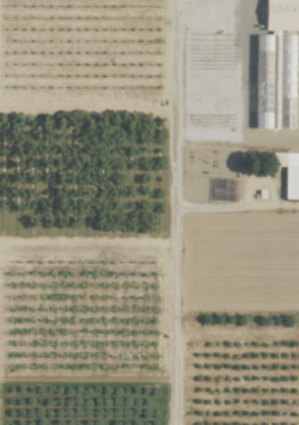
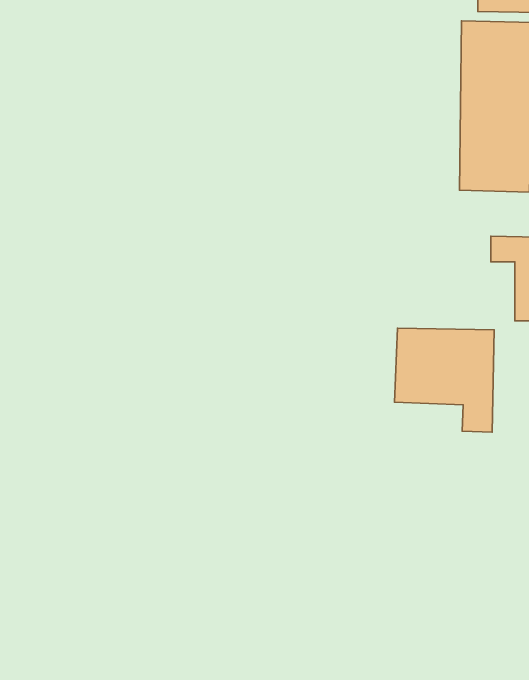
building: none -> [394,328,494,432]

